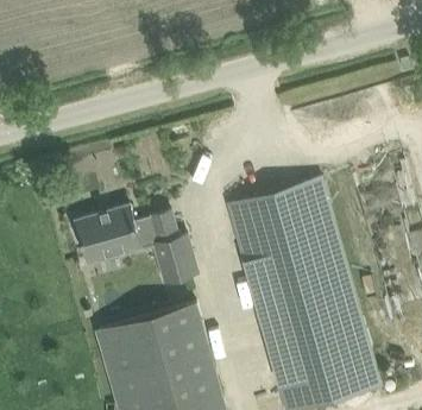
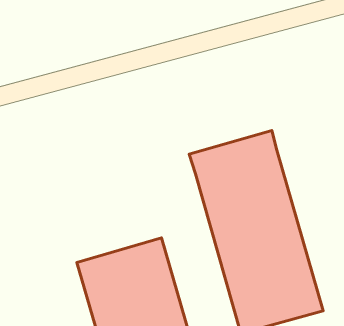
building: [73,206,196,283] -> none

